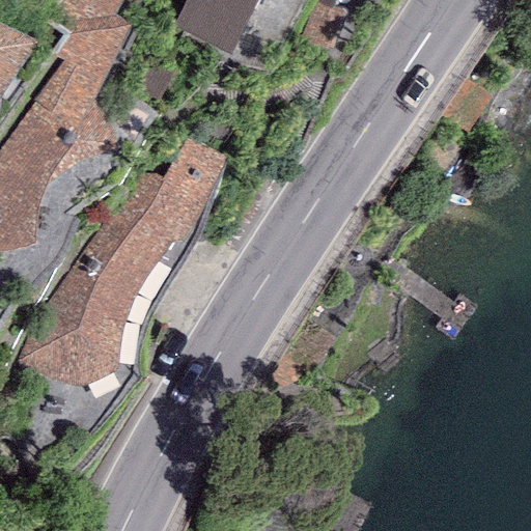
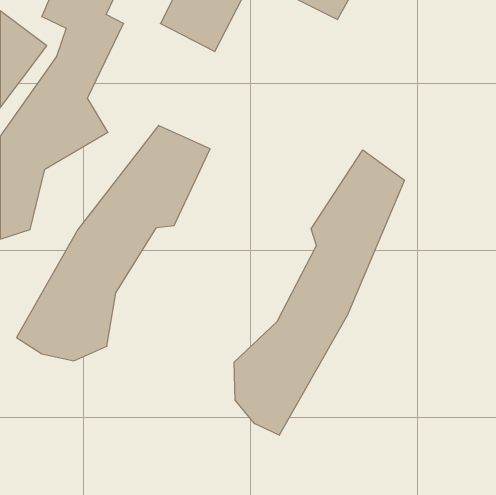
building: none -> [234,150,404,435]

